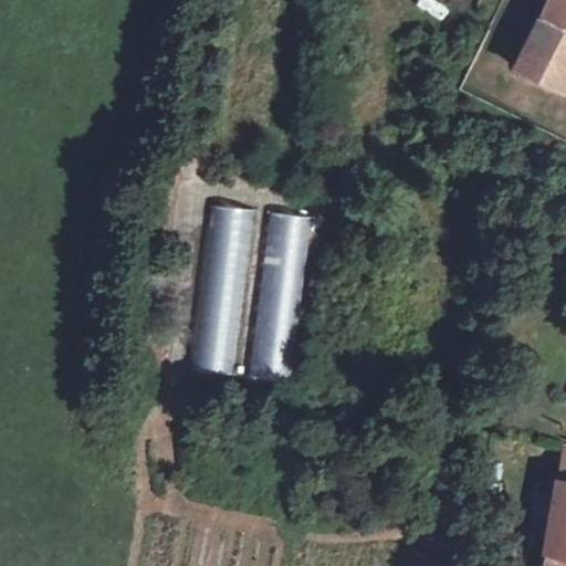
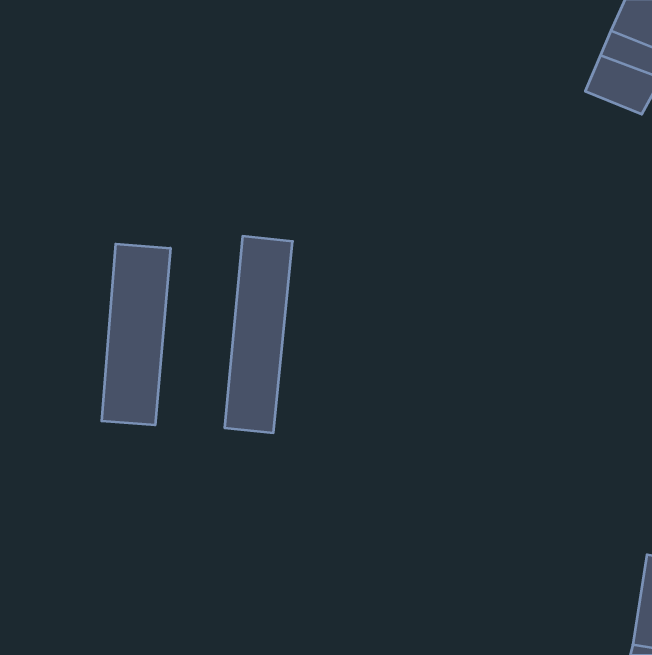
building: none -> [102,244,170,425]
building: [255,211,314,382] -> none

